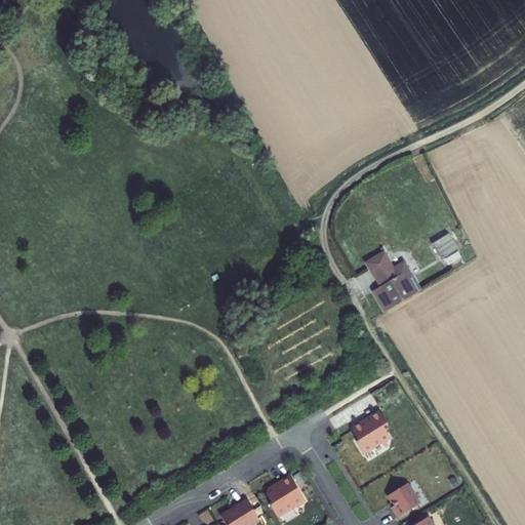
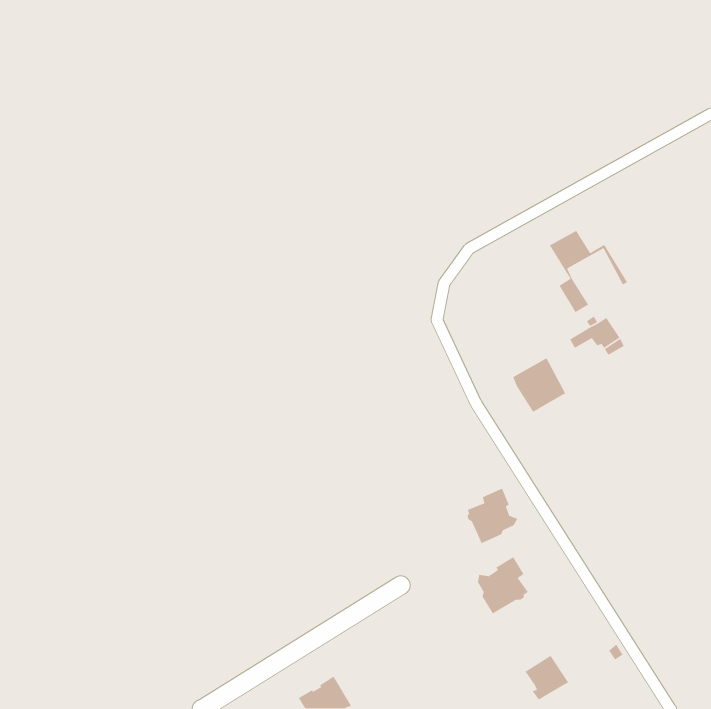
building: [363,249,421,311] -> [549,230,628,313]
building: none -> [466,488,519,544]
building: [266,476,305,517] -> none

